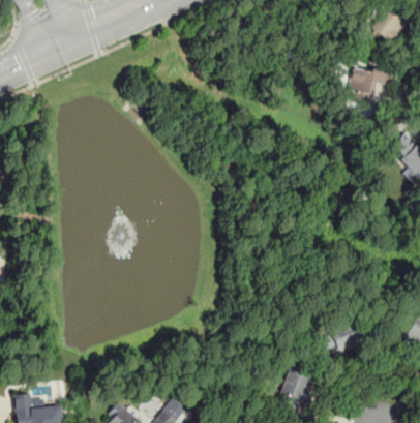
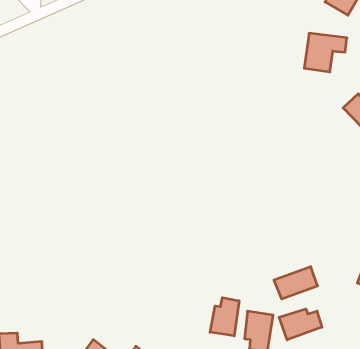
building: none -> [210,298,239,336]
building: none -> [279,309,322,340]

